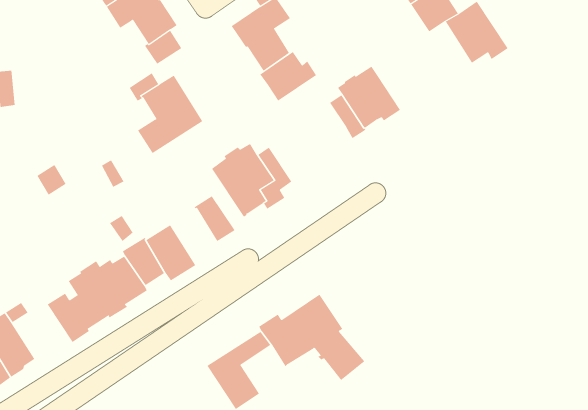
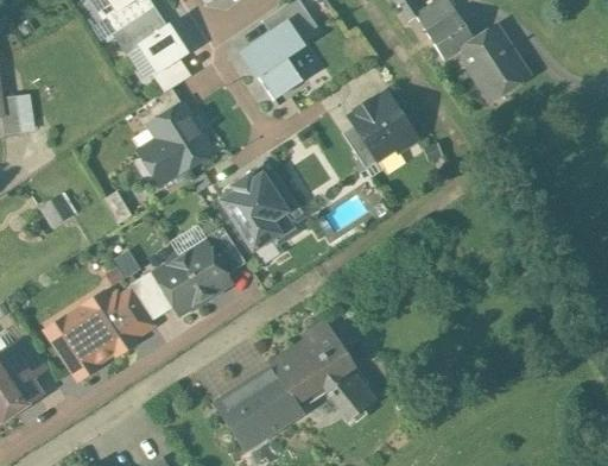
building: [259,51,317,102] -> none
building: none -> [178,240,230,298]
building: none -> [251,380,303,430]

